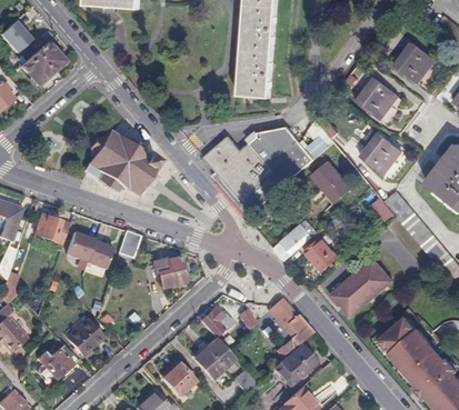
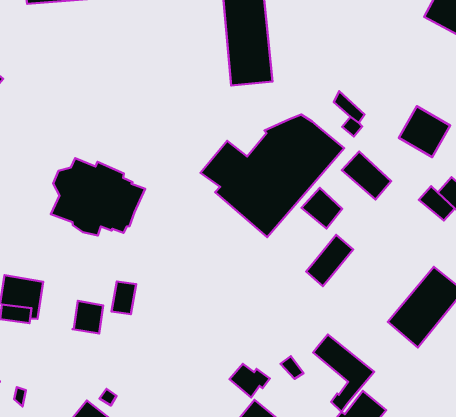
building: [357,78,398,119] -> none
building: [66,232,93,262] -> none
building: [305,238,336,270] -> [301,188,342,229]
building: [151,256,184,288] -> none

